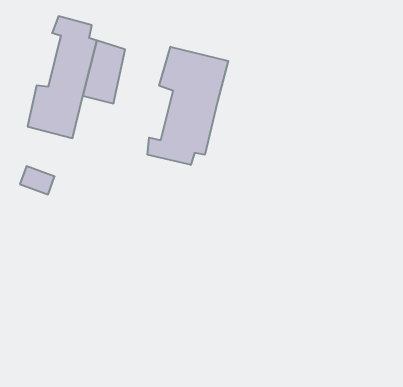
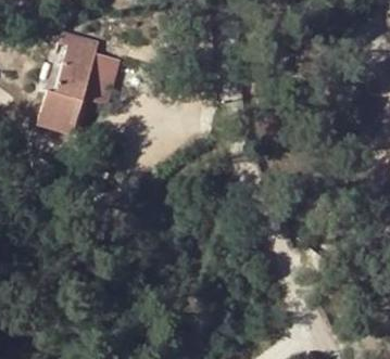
building: [148,47,228,165] -> none

